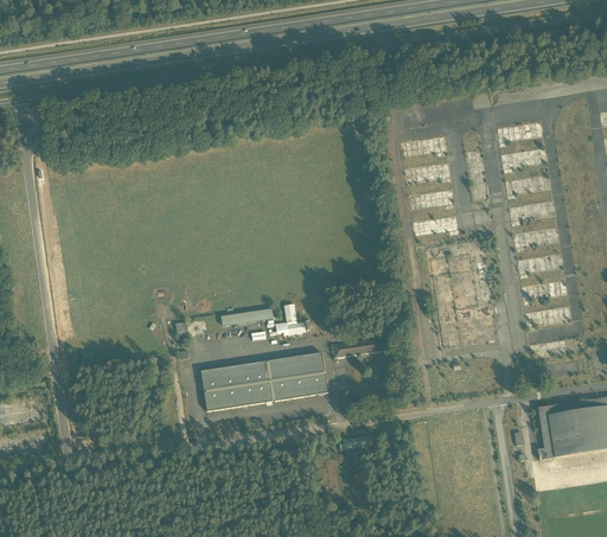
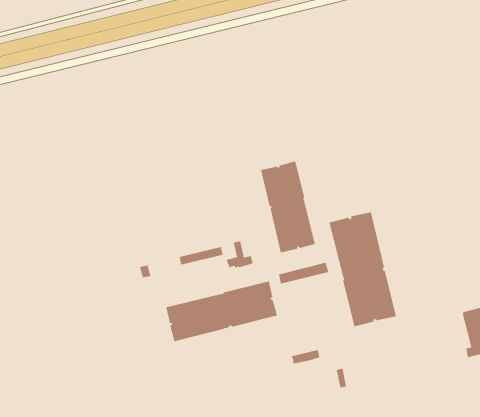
building: none -> [260,161,316,253]
building: none -> [329,212,397,327]

